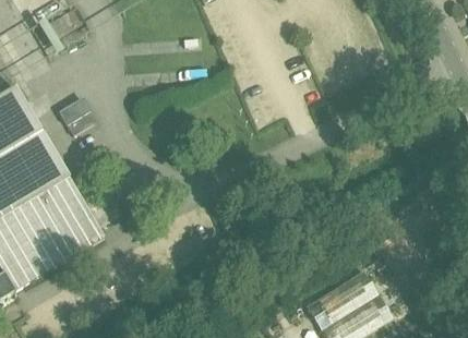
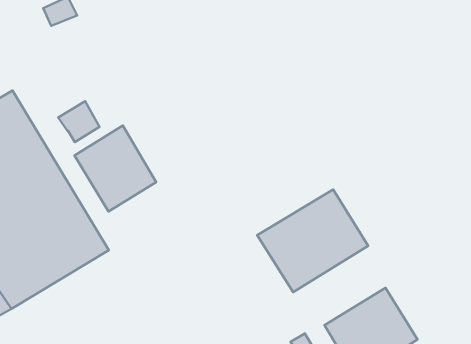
building: none -> [75,125,156,211]
building: none -> [257,190,368,292]

